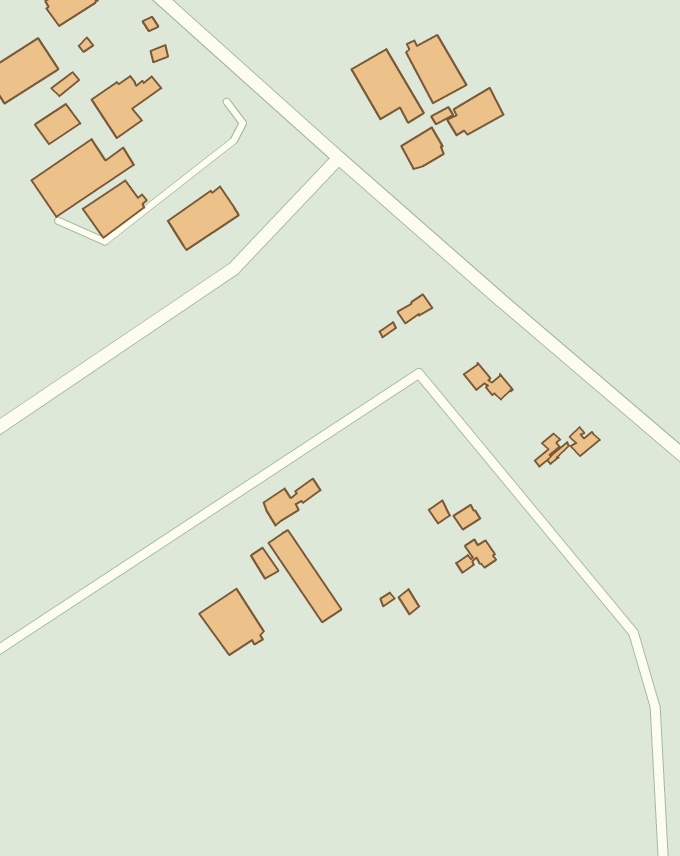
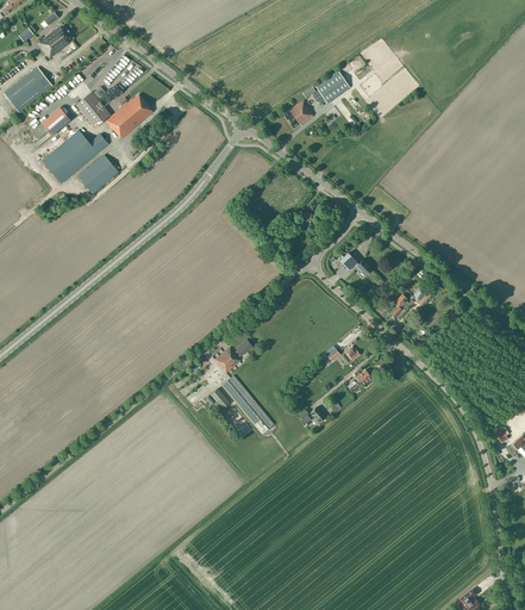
building: [406,35,466,103] -> none
building: [352,49,424,123] -> none
building: [168,186,239,250] -> [106,94,152,138]
building: [199,589,264,655] -> none

